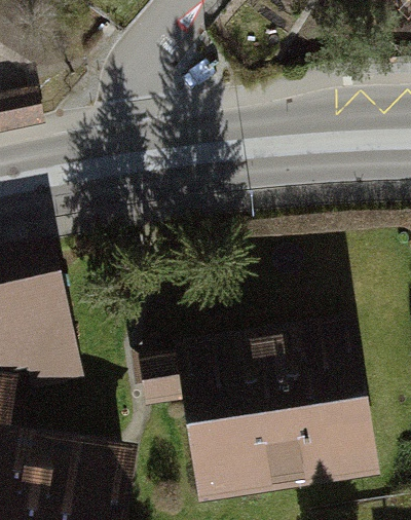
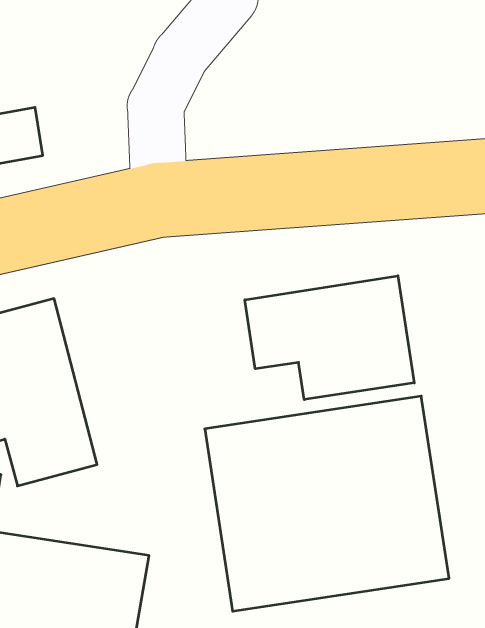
building: none -> [245,276,414,400]

